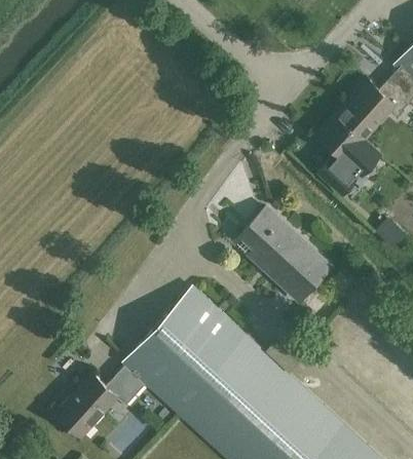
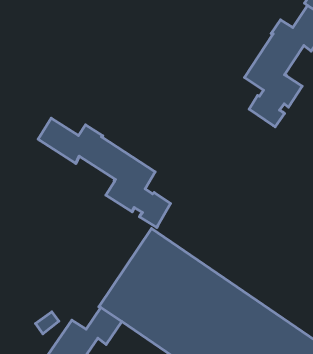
building: none -> [38,118,170,228]
building: [234,207,331,301] -> none

